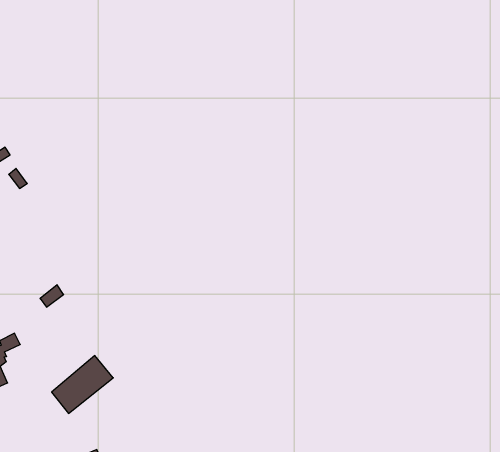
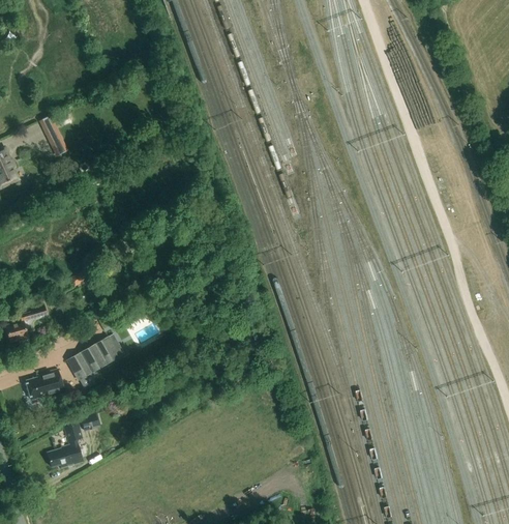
building: none -> [26,371,63,400]

